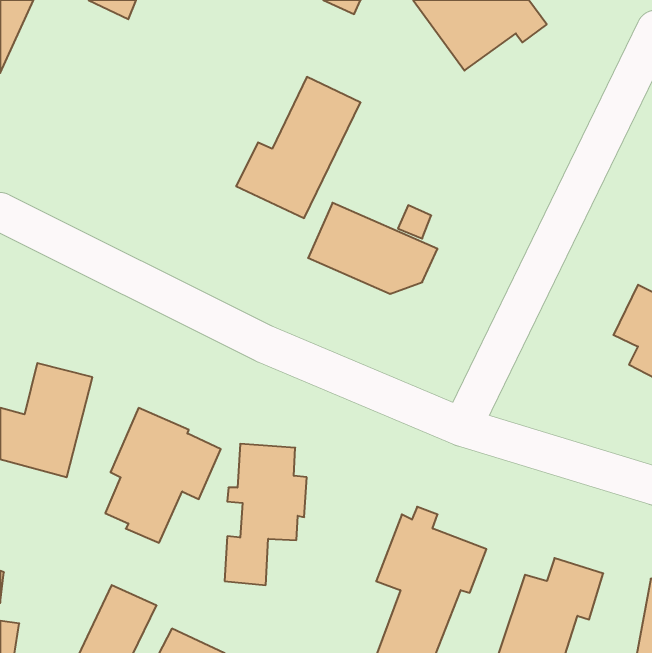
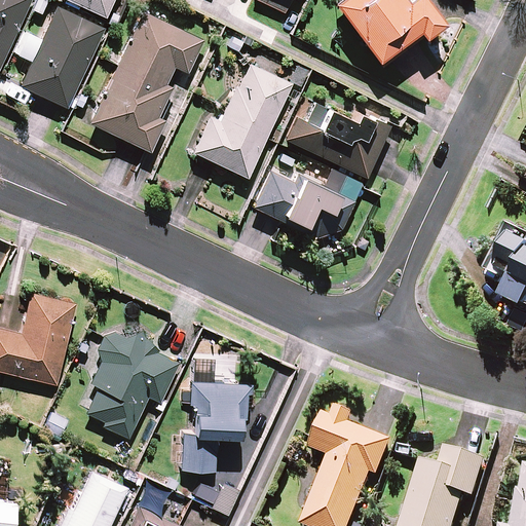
building: none -> [16,7,105,107]
building: none -> [91,11,203,151]
building: none -> [287,96,389,177]

